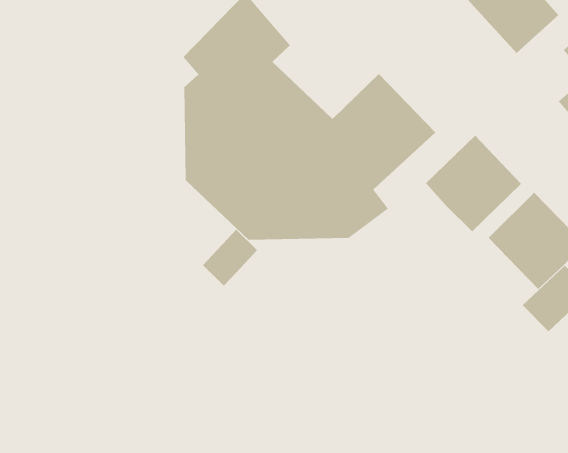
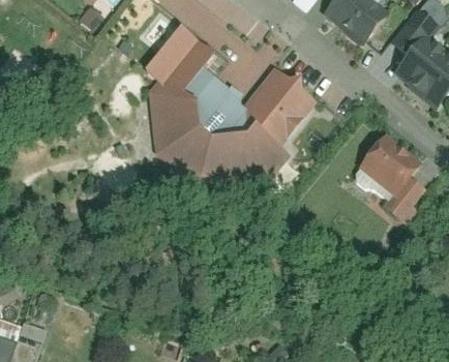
building: [425,135,522,232] -> none
building: [202,229,258,286] -> none

